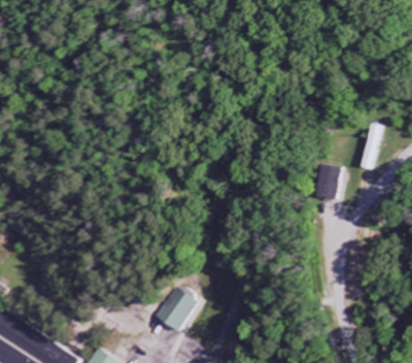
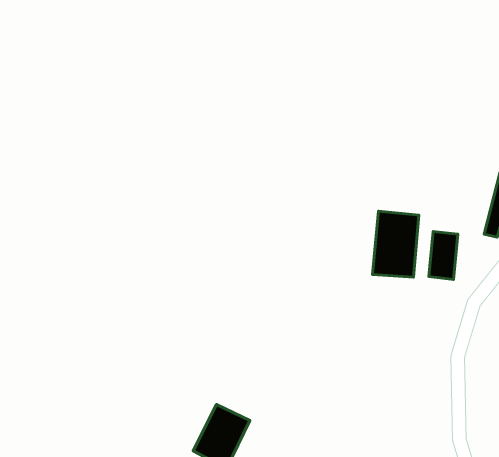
building: none -> [372,211,419,277]

